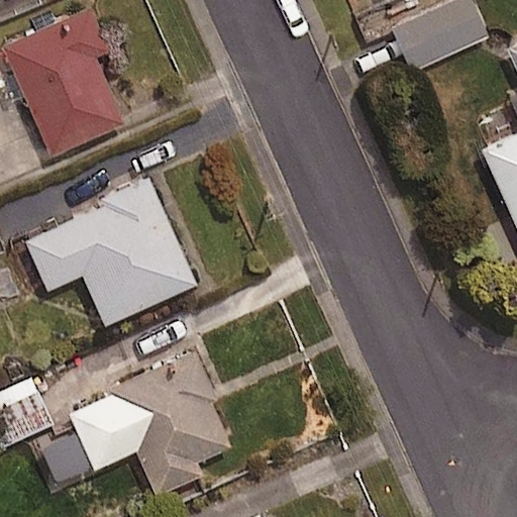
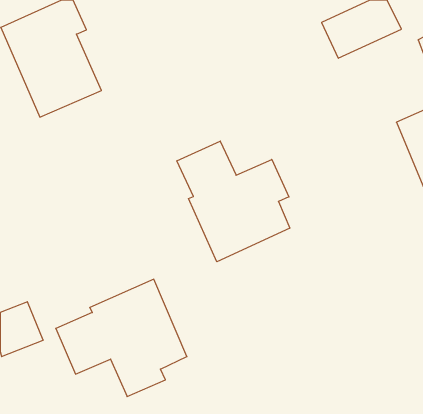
building: none -> [177,141,290,262]
building: [26,185,197,324] -> none

